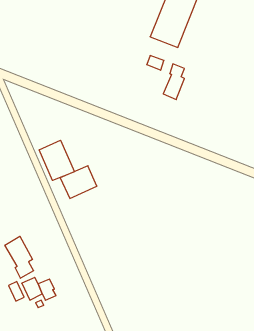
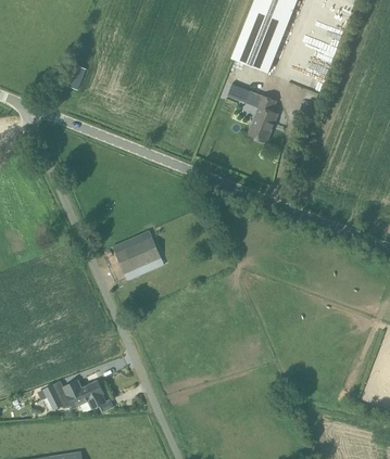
building: [39,140,74,180] -> none
building: [5,236,34,278] -> none

